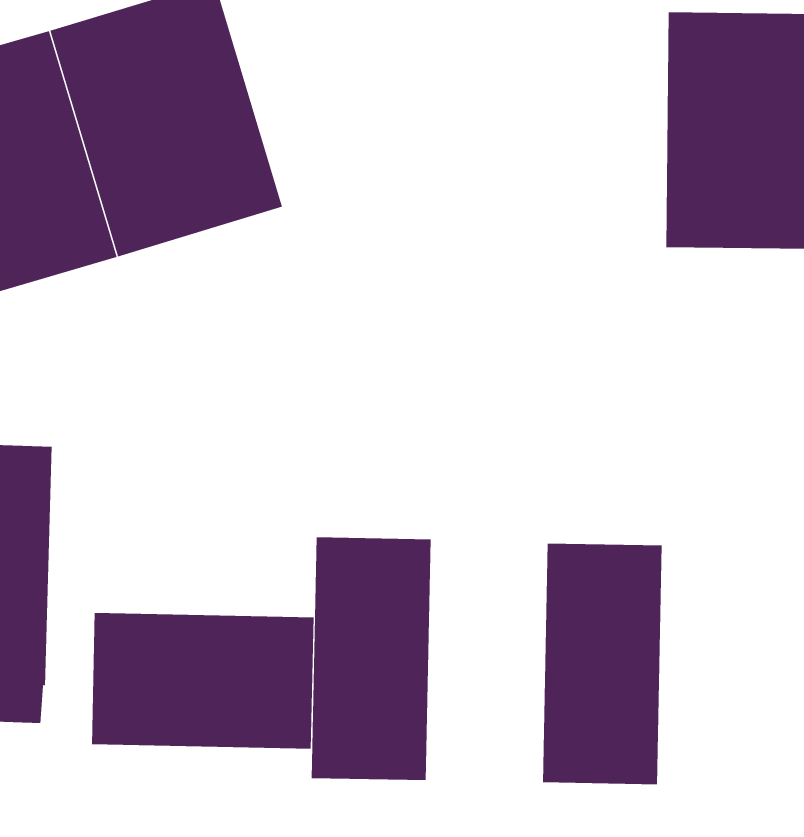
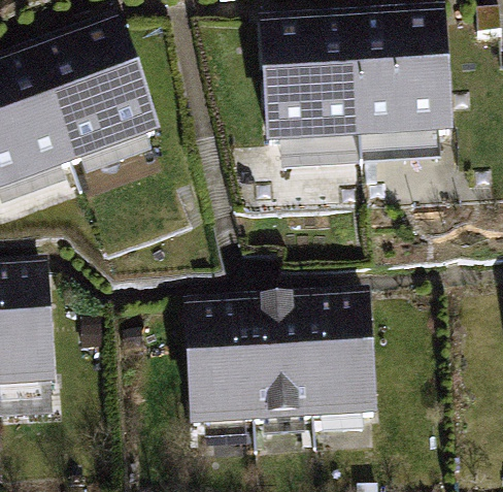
building: none -> [262,28,358,155]
building: none -> [248,306,314,433]
building: [91,612,314,749] -> none

